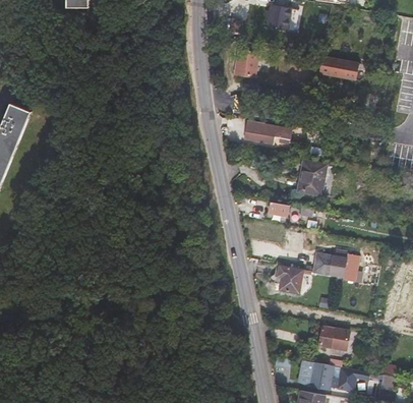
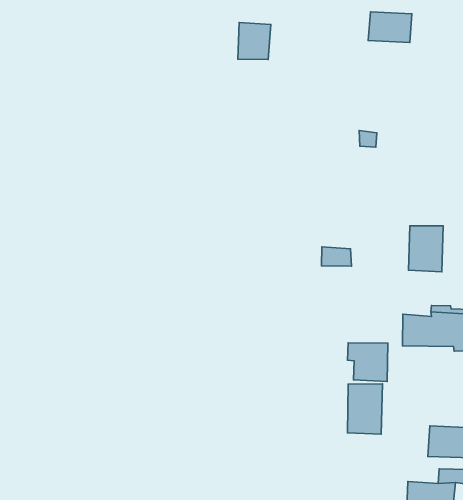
building: [243,120,292,145] -> none
building: [298,162,324,194] -> [408,226,443,272]
building: none -> [348,384,382,434]

